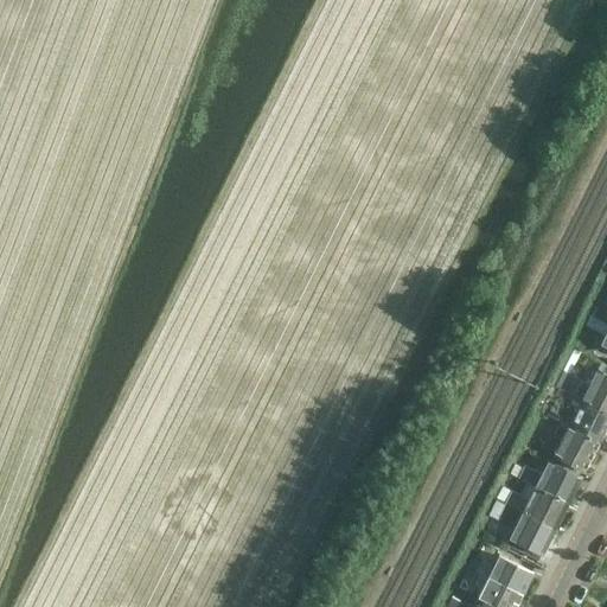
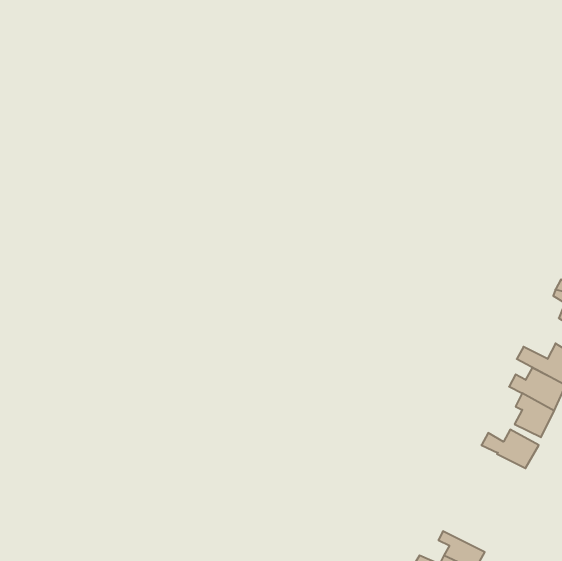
building: [499,491,567,557] -> none
building: [478,558,533,596] -> none

